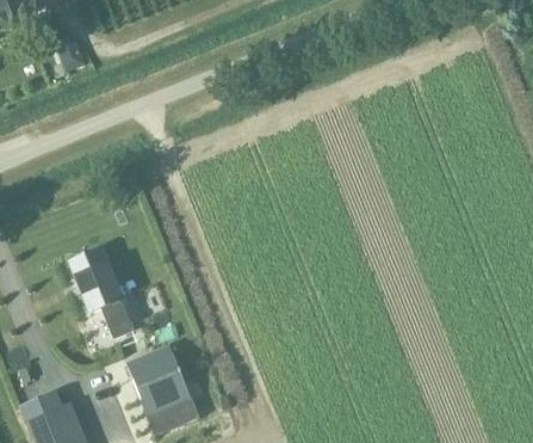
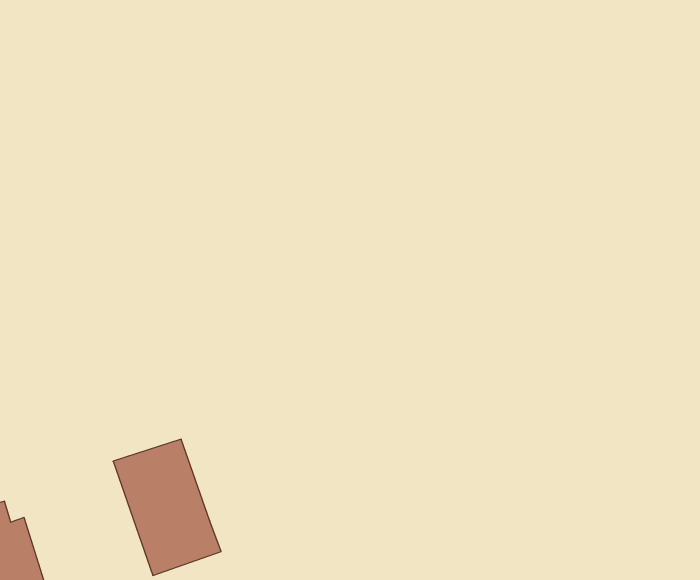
building: [69,248,129,330] -> none

